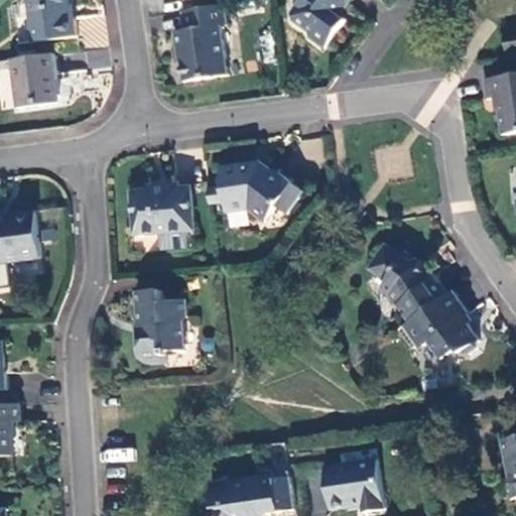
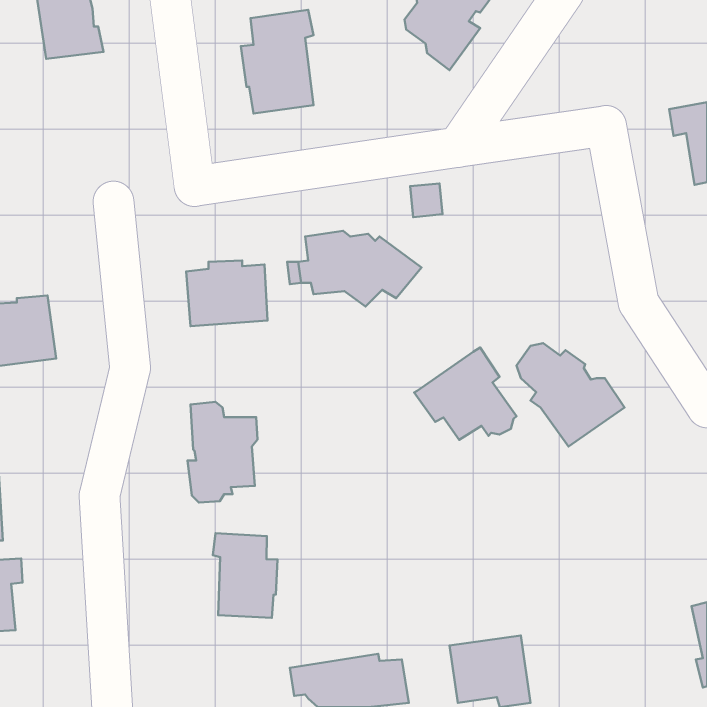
building: [10,54,58,108] -> none
building: [407,290,481,357] -> [414,348,516,440]
building: none -> [213,533,278,618]

